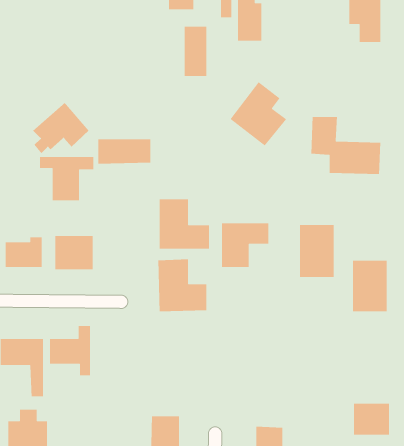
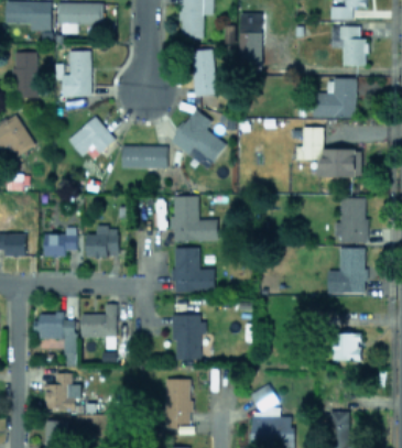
building: none -> [67,51,90,95]
building: none -> [314,78,355,117]
building: [230,81,287,147] -> [170,108,218,163]
building: [39,156,94,201] -> none
building: [221,223,269,268] -> none
building: [299,224,335,278] -> [336,198,366,243]
building: none -> [173,315,203,360]
building: [353,403,390,435] -> [330,334,361,361]

